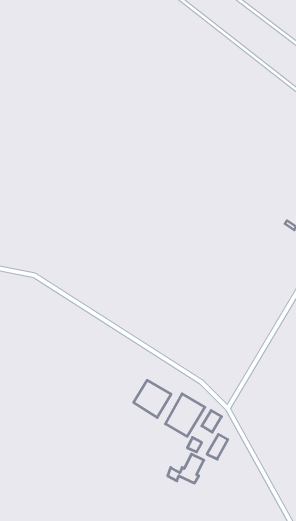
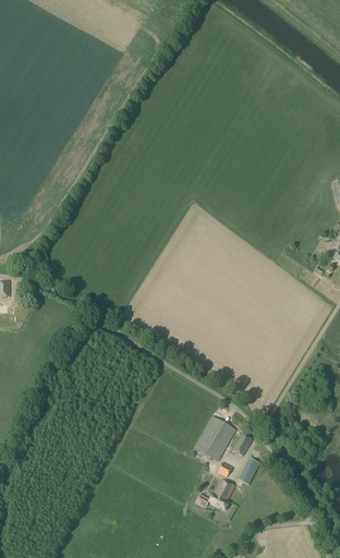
building: [134,380,171,418] -> none

